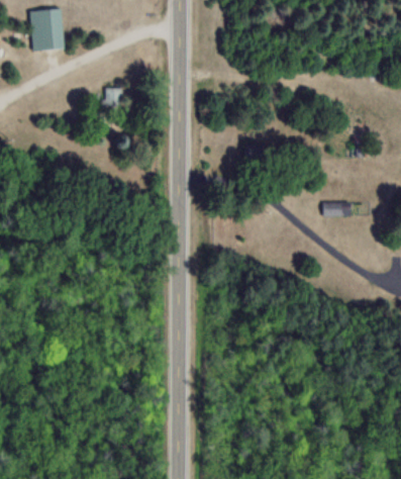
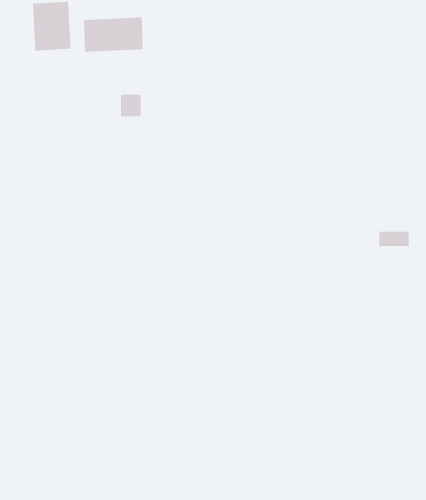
building: none -> [84,16,143,53]

